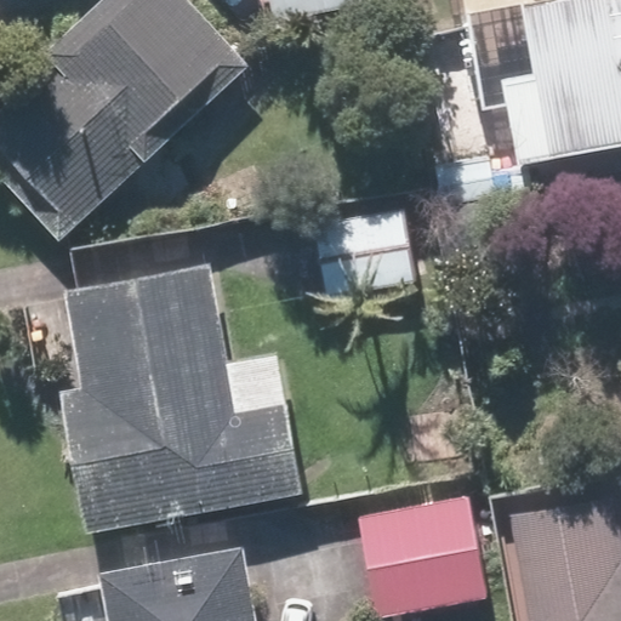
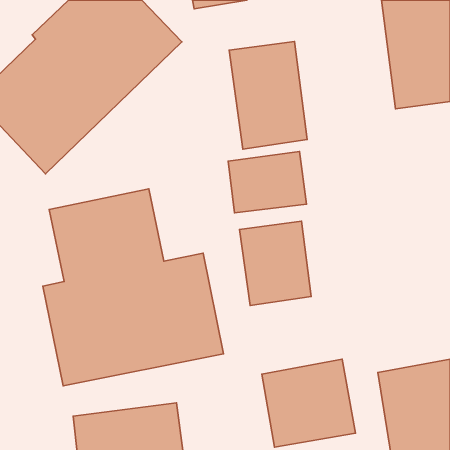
building: none -> [229,41,307,149]
building: none -> [239,221,311,305]

